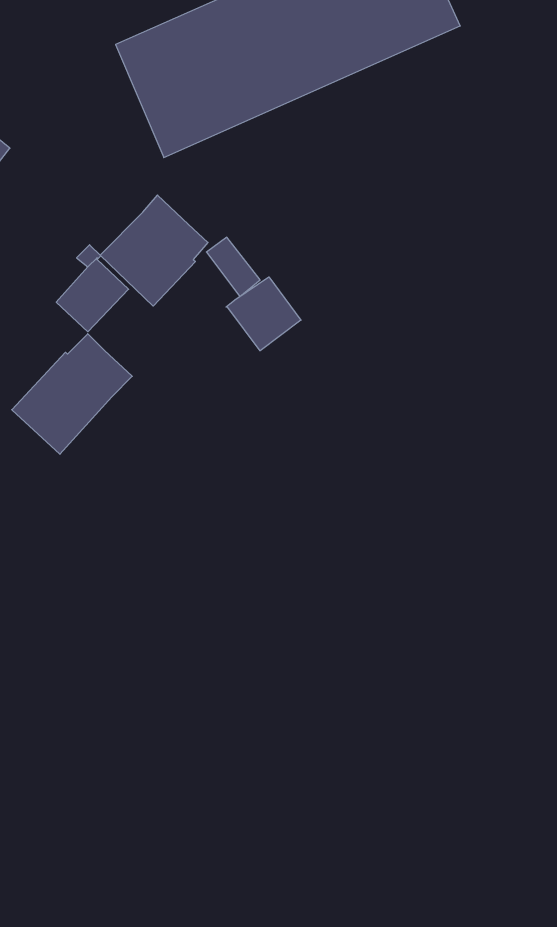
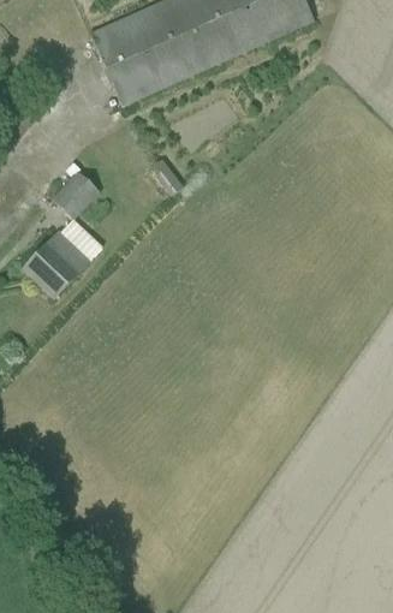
building: [100,195,208,306] -> none
building: [226,277,301,351] -> none

